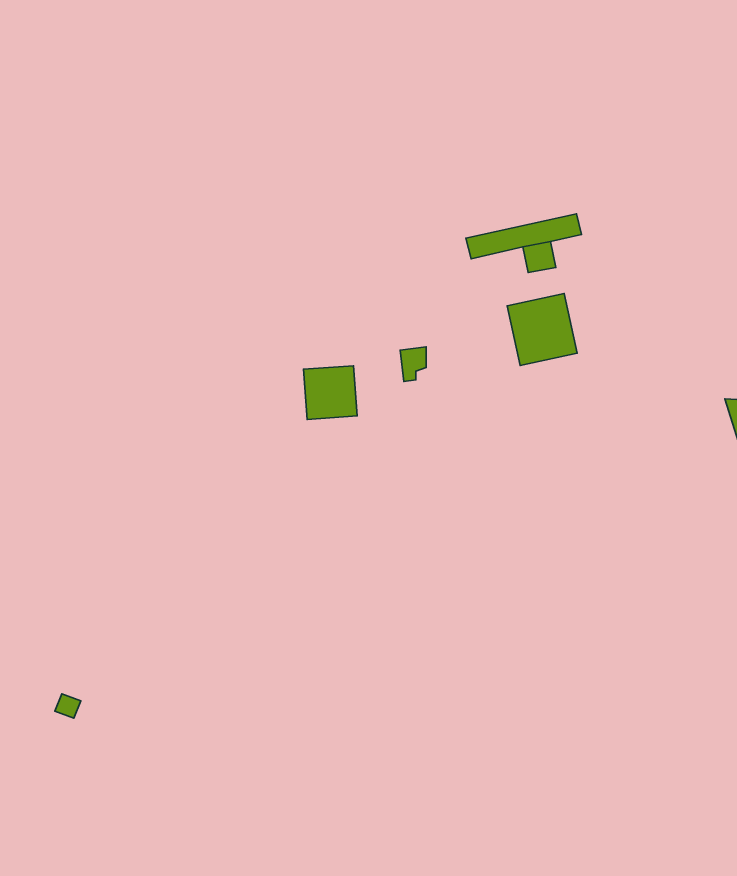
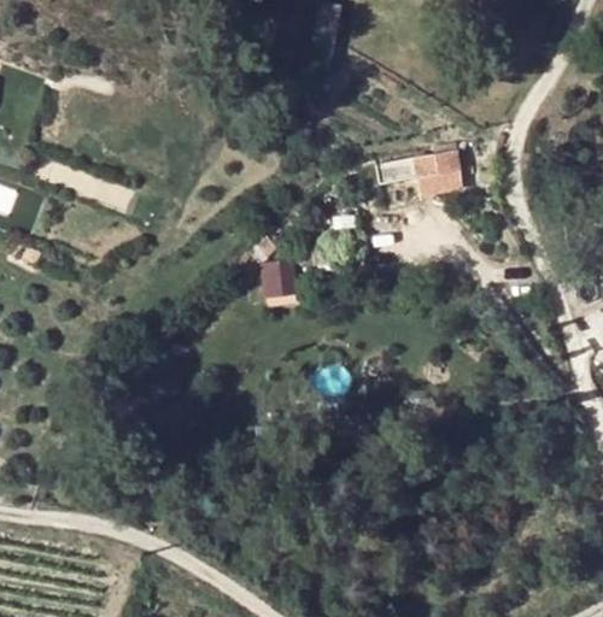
building: [507,293,577,366] -> none

